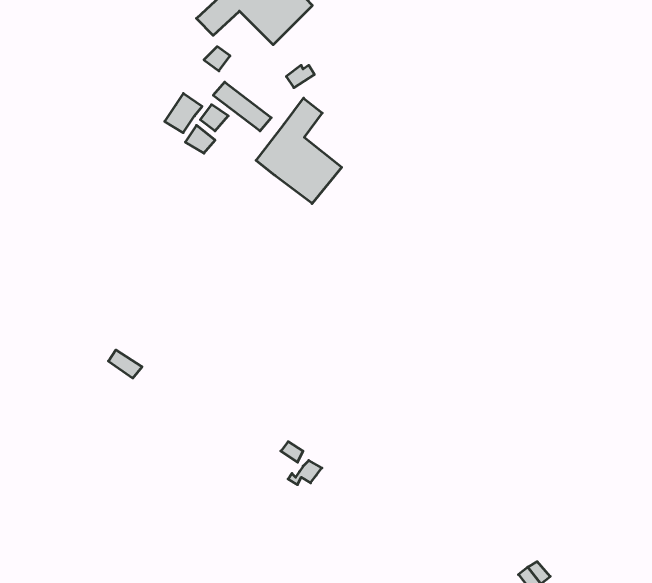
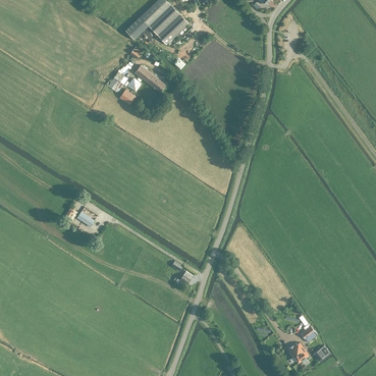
building: [256,98,342,204] -> none

